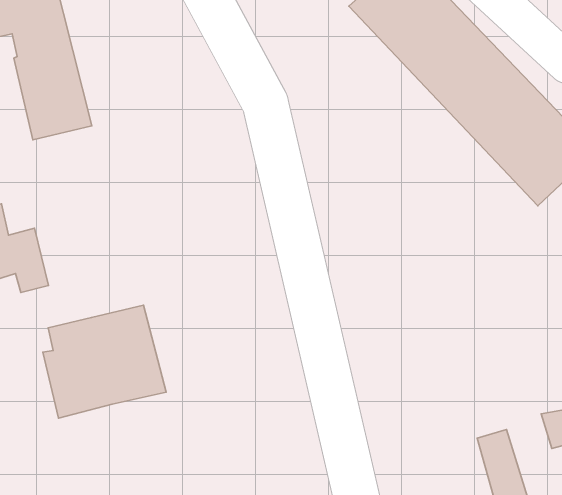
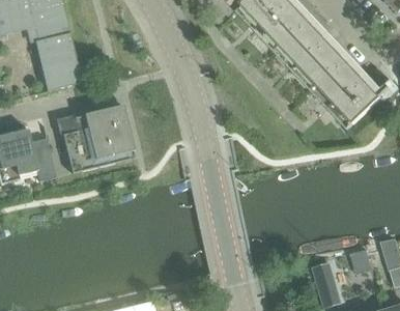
building: [43,305,166,418] -> [61,104,135,171]

